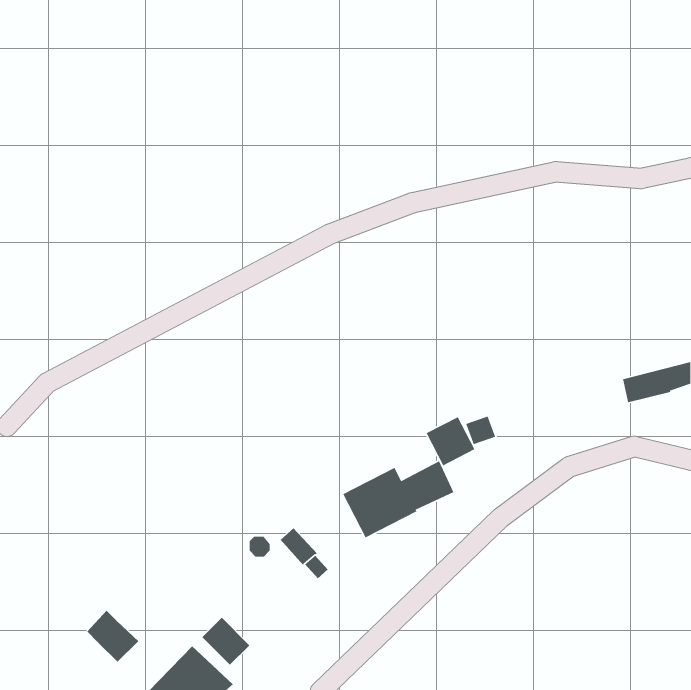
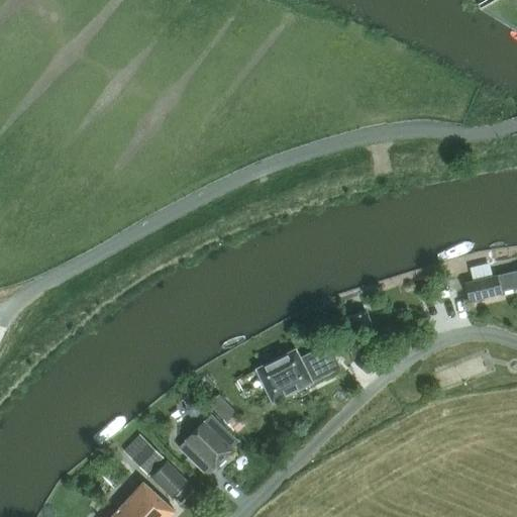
building: [426,416,475,466] -> none
building: none -> [179,416,236,476]
building: [86,610,139,663] -> [124,435,164,475]

